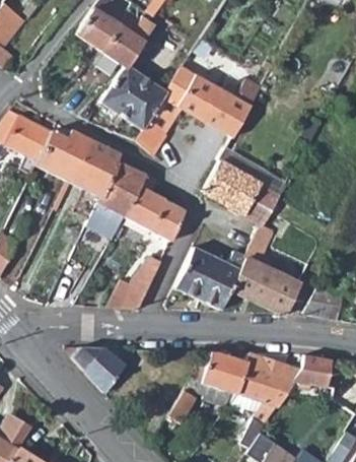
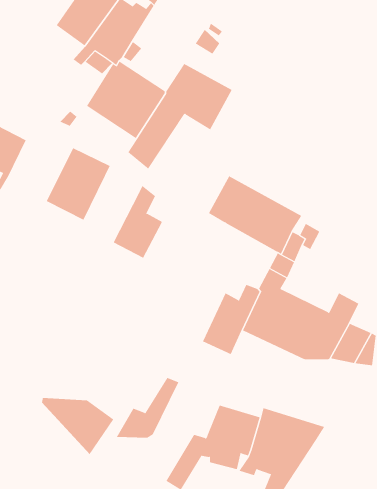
building: [205,78,262,138] -> none
building: [37,128,90,182] -> none
building: [86,160,145,239] -> none
building: [149,199,185,241] -> none
building: [173,247,217,299] -> none
building: [109,257,161,308] -> [116,377,179,438]
building: [293,355,332,388] -> none

